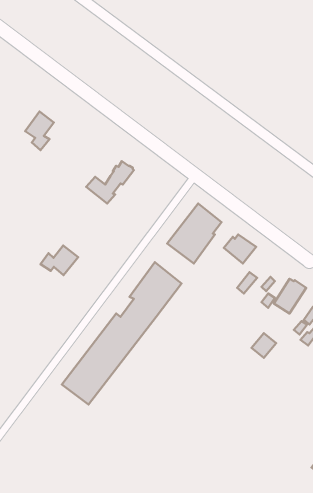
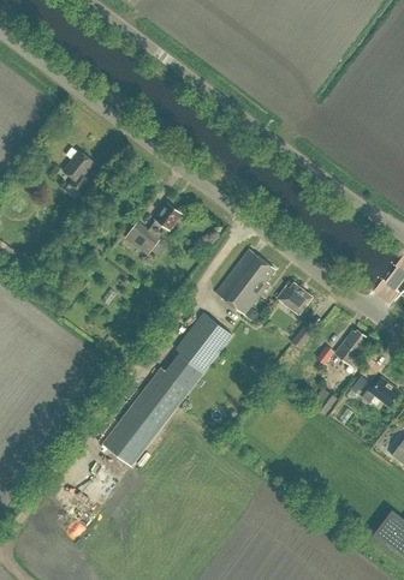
building: [41,246,78,275] -> none

